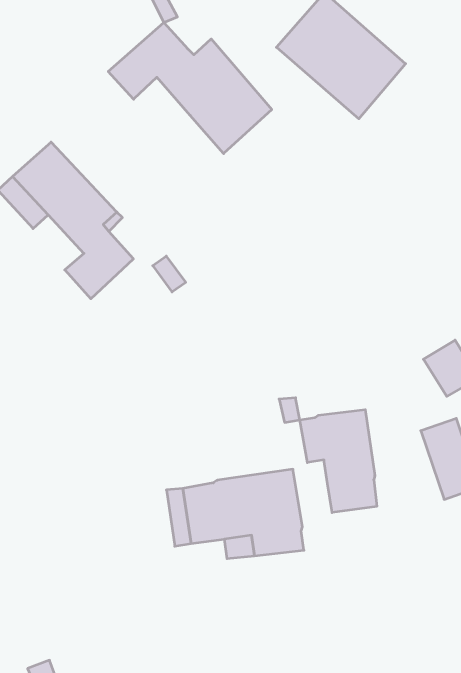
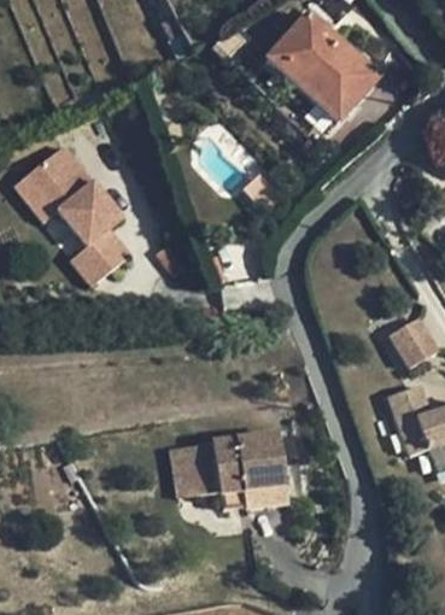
building: [108,22,272,154] -> none
building: [300,410,377,513] -> none

